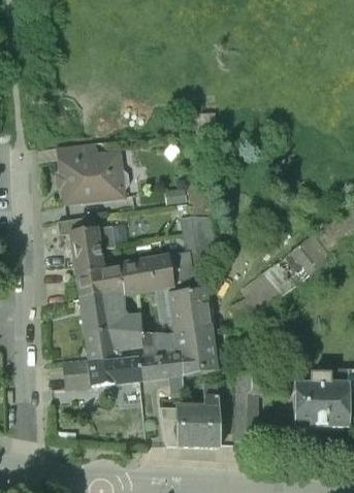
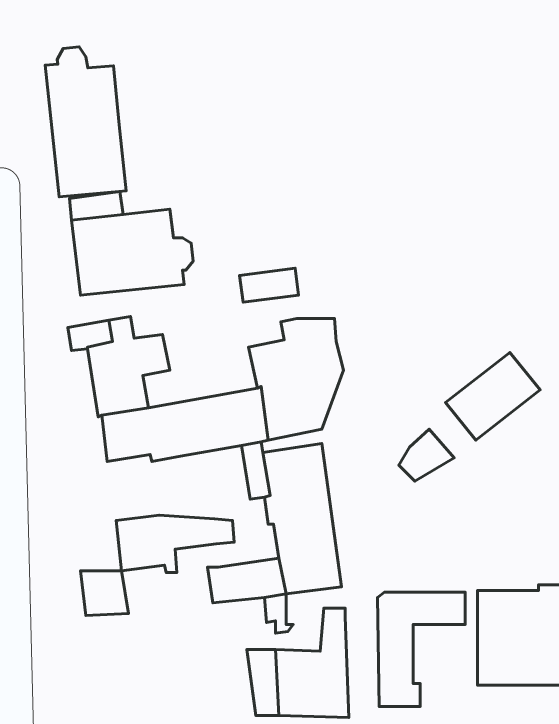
building: none -> [45,47,126,197]
building: [81,294,142,332] -> none
building: [143,332,180,359] -> none
building: [89,358,141,386] -> none

